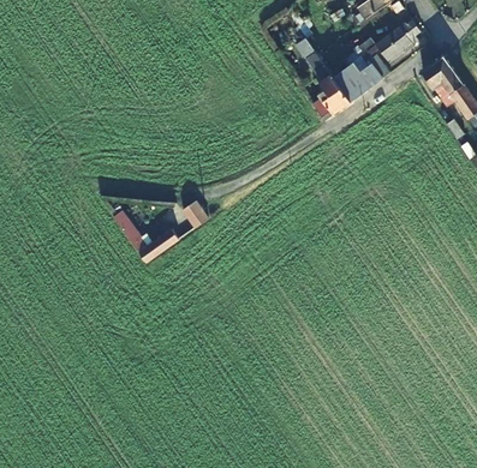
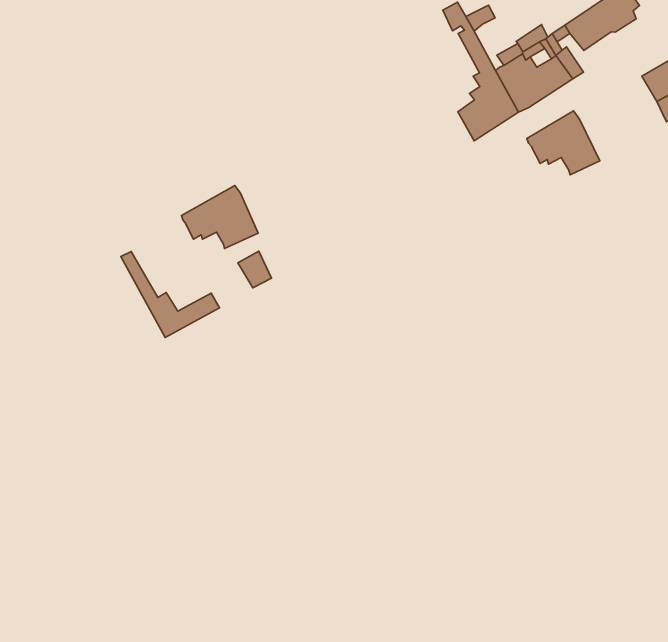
building: none -> [527,111,600,175]
building: none -> [182,186,258,249]

